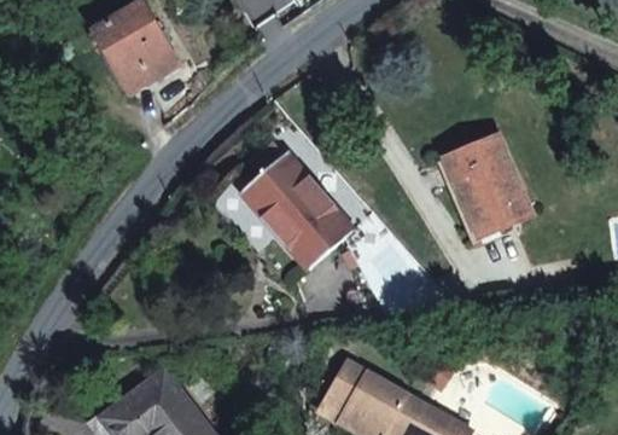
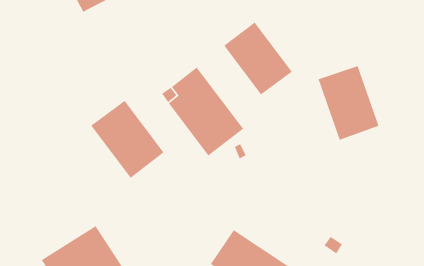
building: none -> [223,21,293,95]
building: none -> [90,100,165,179]

